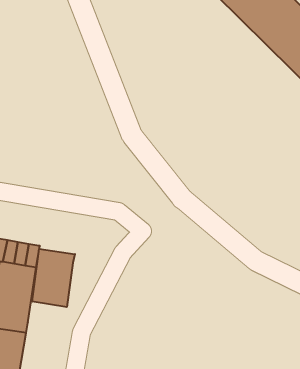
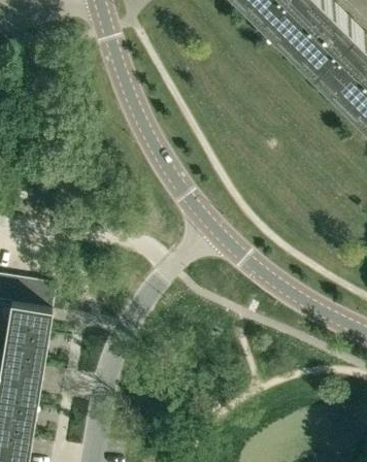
building: [32,249,75,307] -> none

